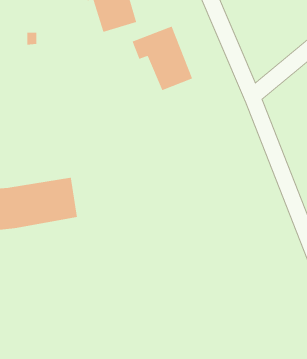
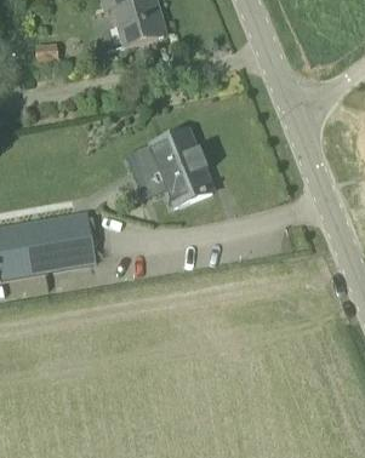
building: [132,26,193,91] -> [141,128,212,205]

